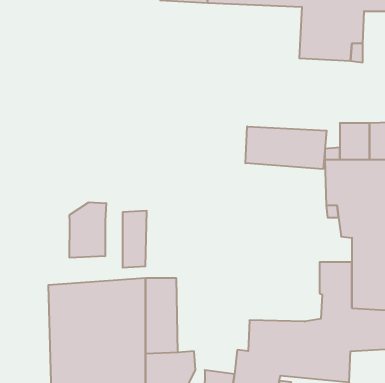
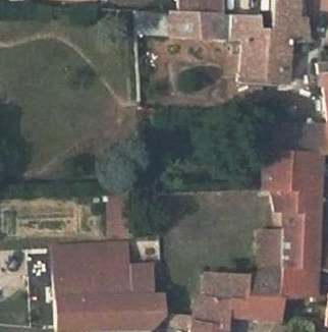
building: [245,126,327,169] -> none
building: [70,202,106,258] -> none

